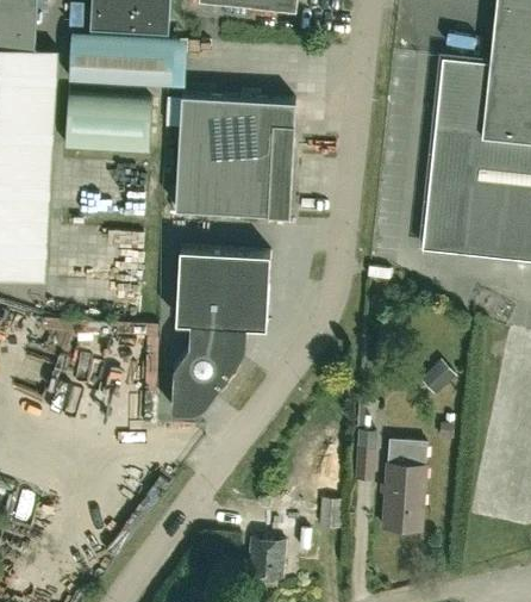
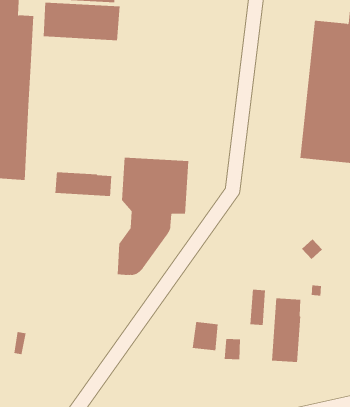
building: [175,95,294,216] -> none
building: [65,97,149,154] -> none
building: none -> [55,172,112,197]
building: [248,539,285,579] -> [192,321,219,351]

